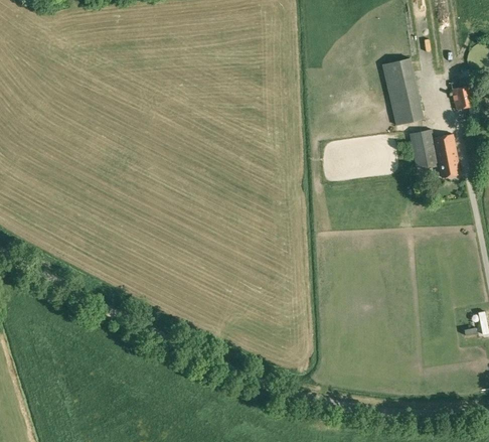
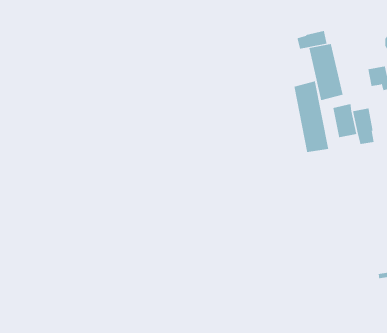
building: none -> [297,30,327,49]
building: none -> [294,81,329,153]

